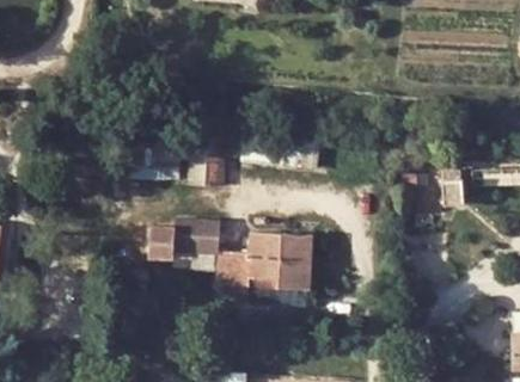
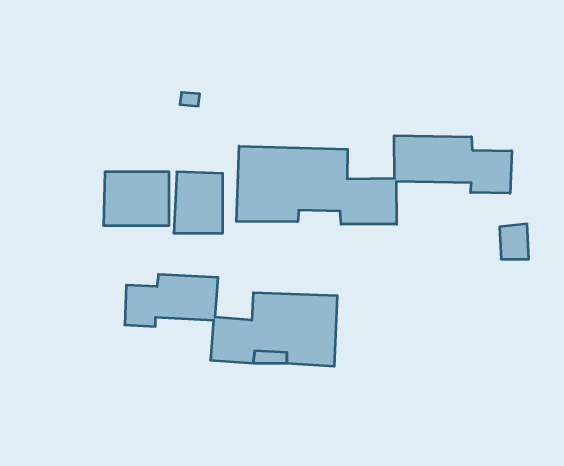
building: none -> [236,136,512,224]

